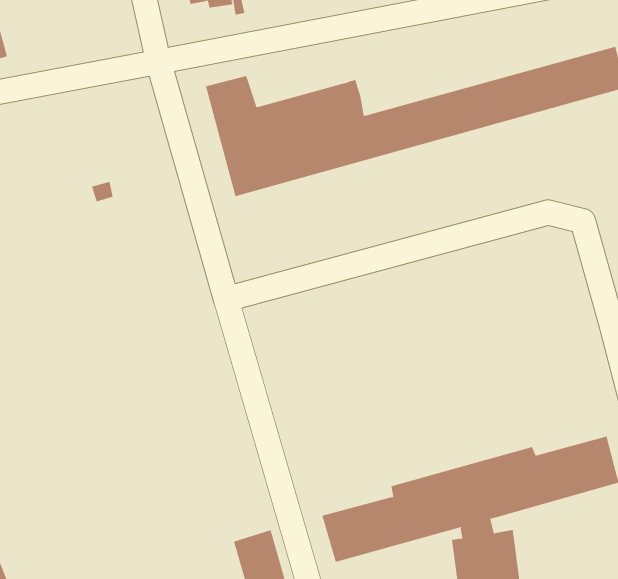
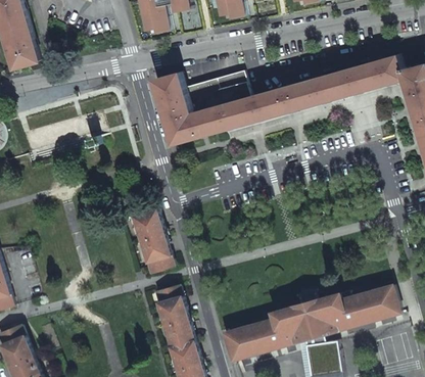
building: none -> [133,209,173,273]
building: none -> [155,285,193,347]

